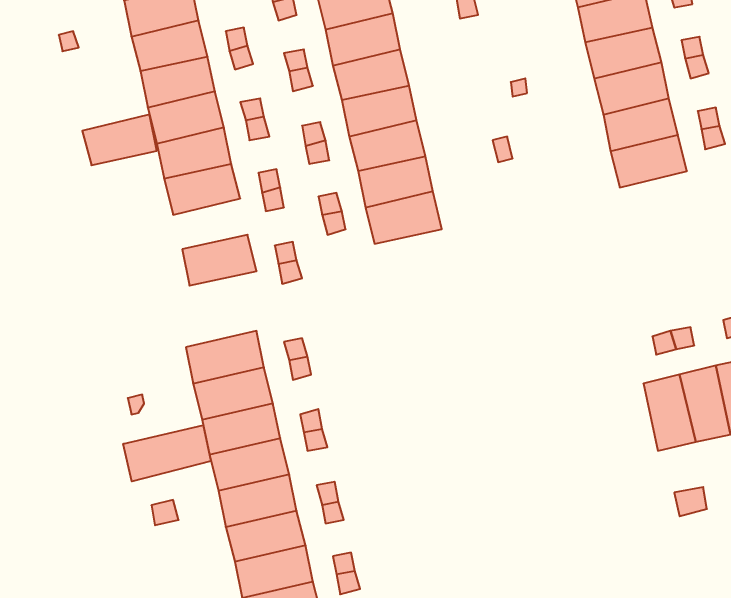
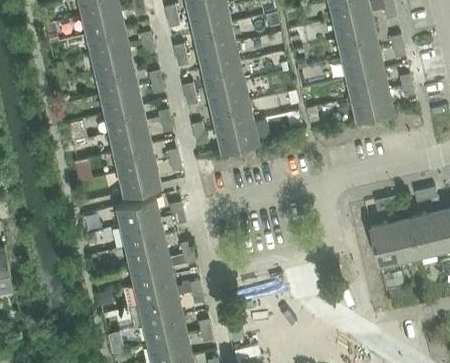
building: [82,114,157,165] -> [110,127,151,155]
building: none -> [119,167,160,195]
building: [123,425,211,481] -> none

